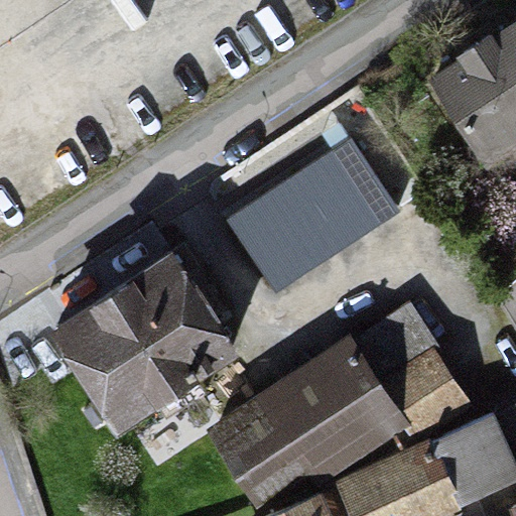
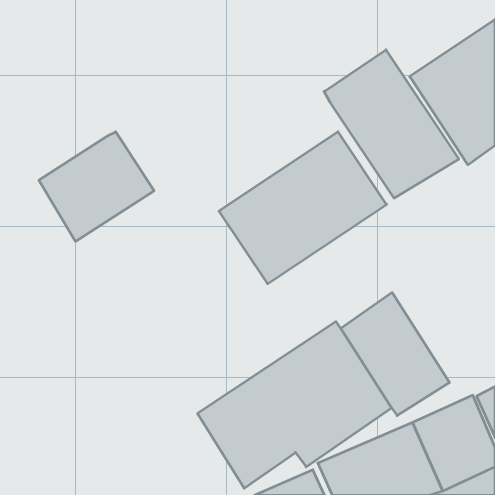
building: none -> [324,50,459,198]
building: none -> [39,132,154,241]
building: [48,252,240,436] -> none

